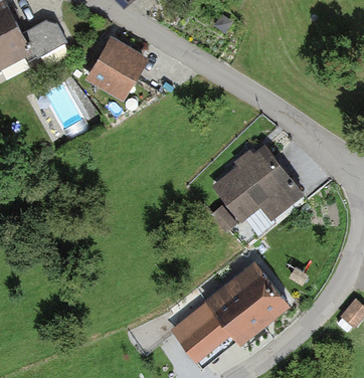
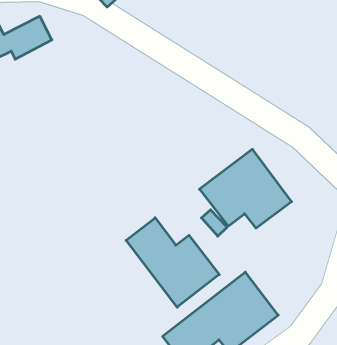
building: [89,38,148,99] -> none
building: none -> [126,218,219,307]

